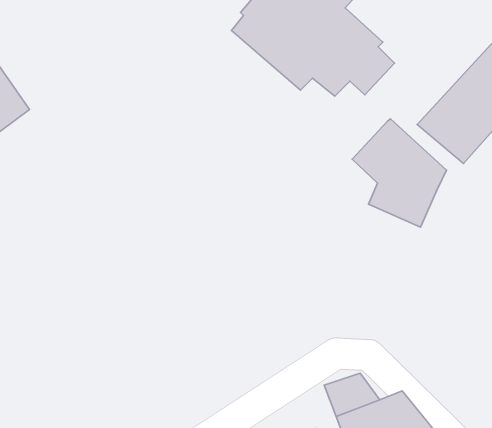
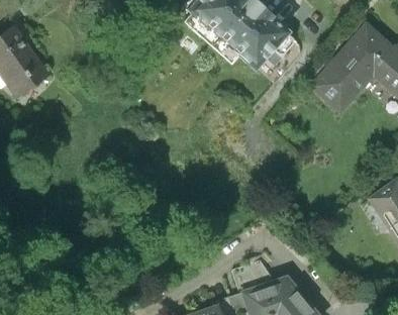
building: [352,119,446,227] -> none

